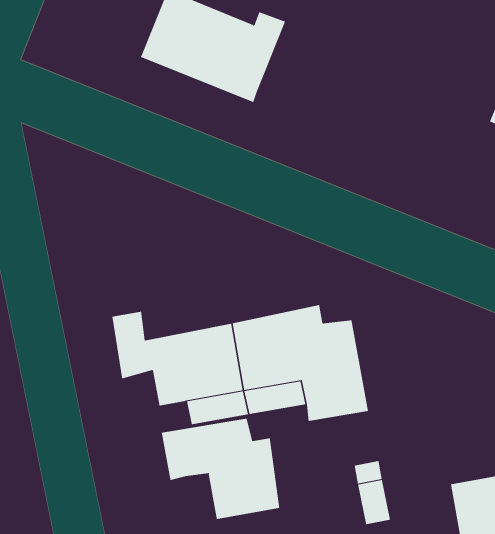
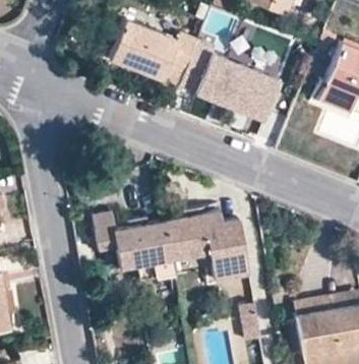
building: none -> [179,40,280,122]
building: [161,418,280,520] -> none

